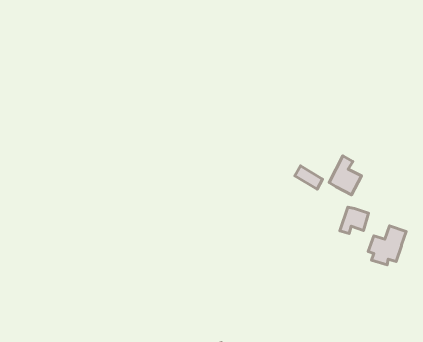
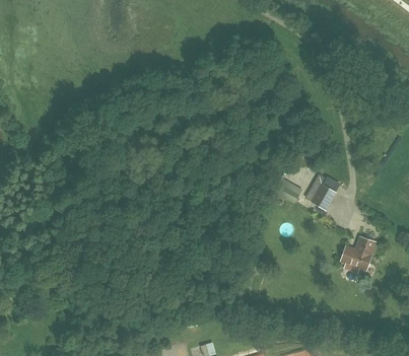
building: [340,207,369,234] -> none

